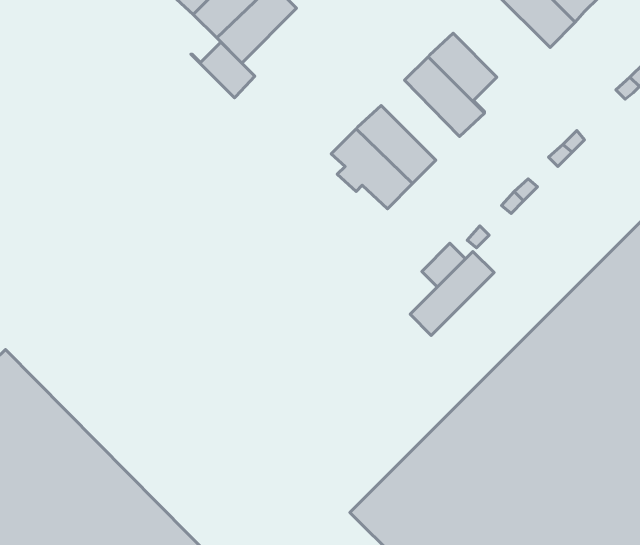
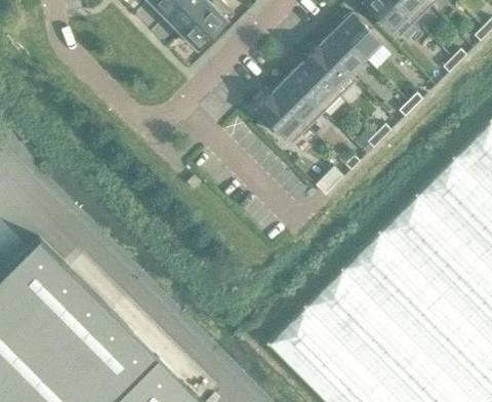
building: none -> [335,13,391,71]
building: [191,42,255,98] -> none
building: none -> [288,61,339,113]
building: [410,251,494,335] -> none

